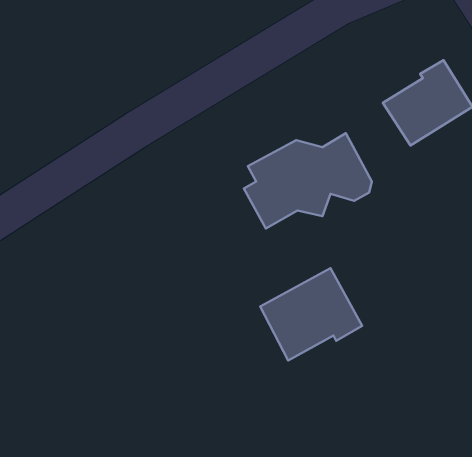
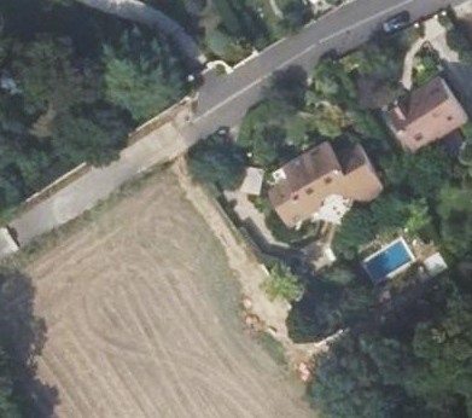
building: [260,268,362,360] -> none

